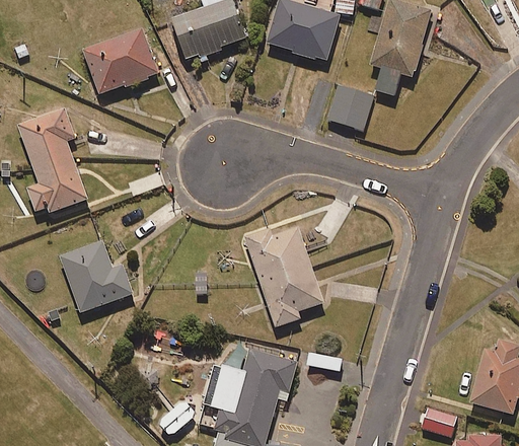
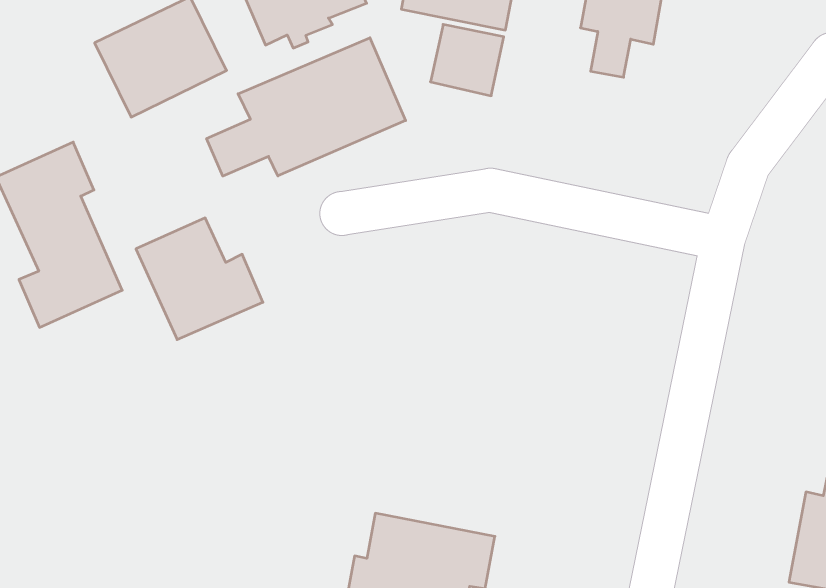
building: none -> [207,38,406,176]
building: [328,85,374,130] -> [430,24,504,96]
building: [246,224,323,326] -> none
building: [60,240,133,311] -> [136,218,263,340]

